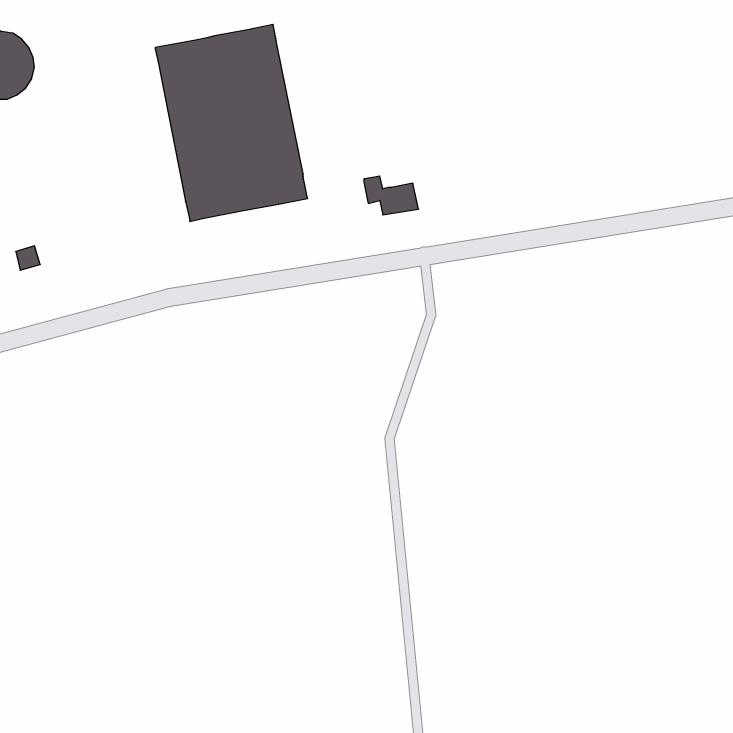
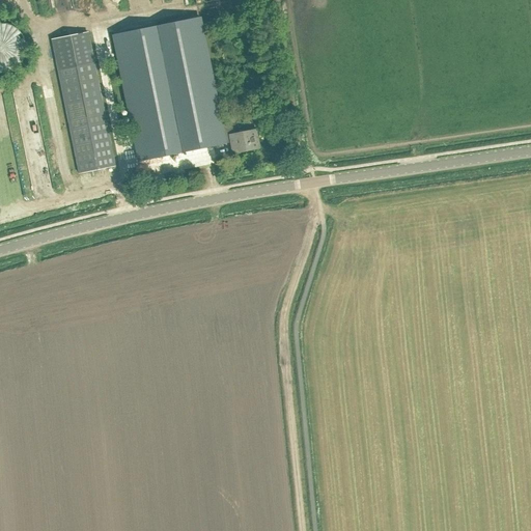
building: none -> [52,32,114,171]
building: [364,176,419,215] -> [219,123,258,151]

